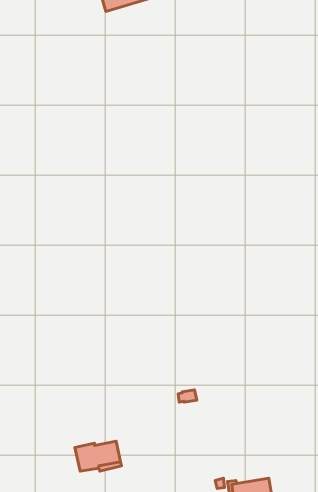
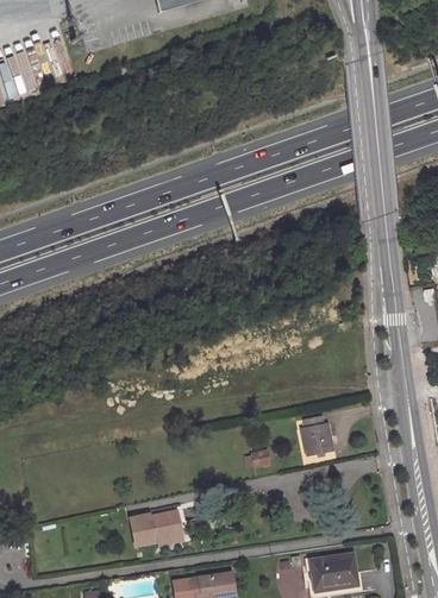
building: none -> [301,414,332,454]

